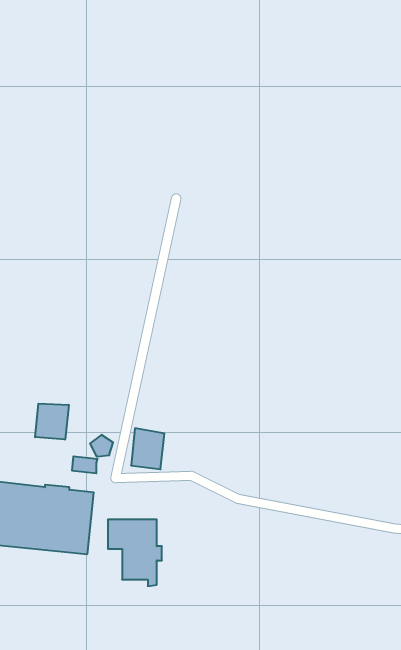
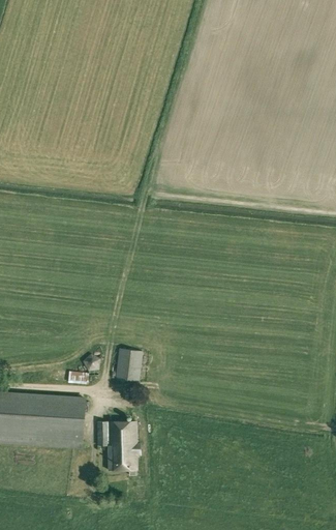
building: [35,404,69,440] -> none

